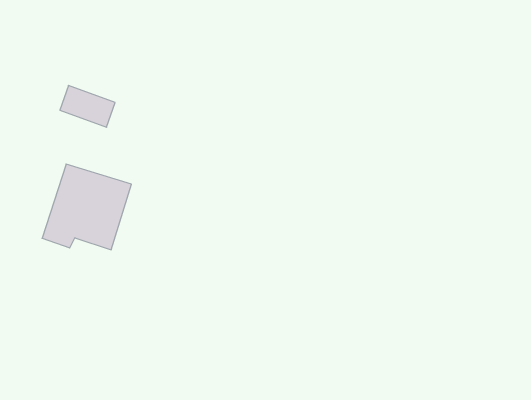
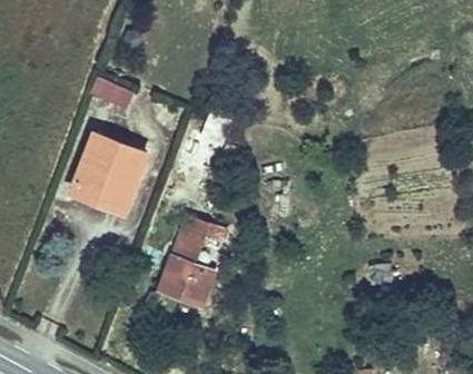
building: none -> [167,224,217,307]

